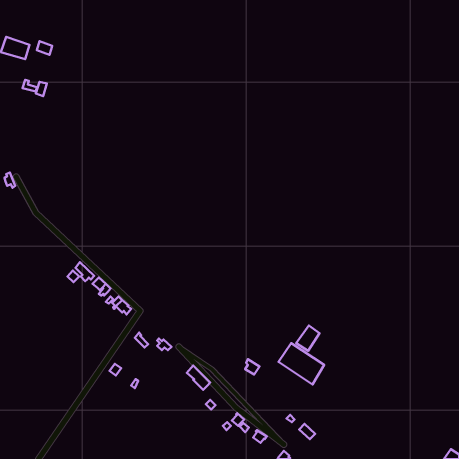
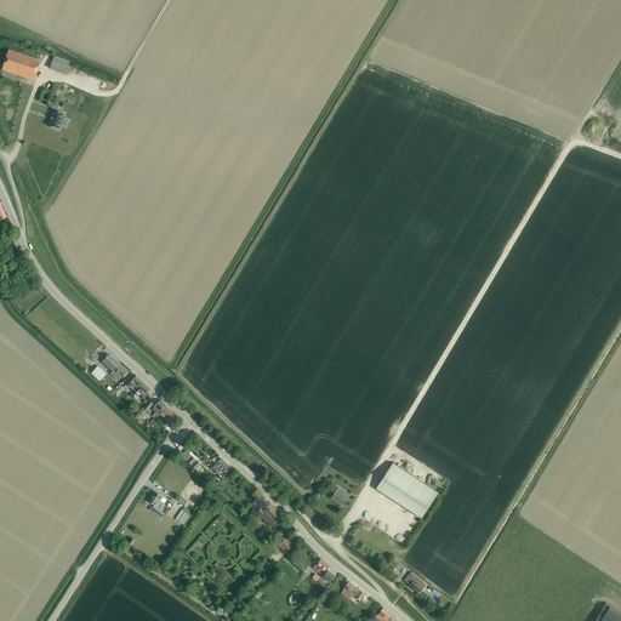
building: [296,326,320,351] -> none

